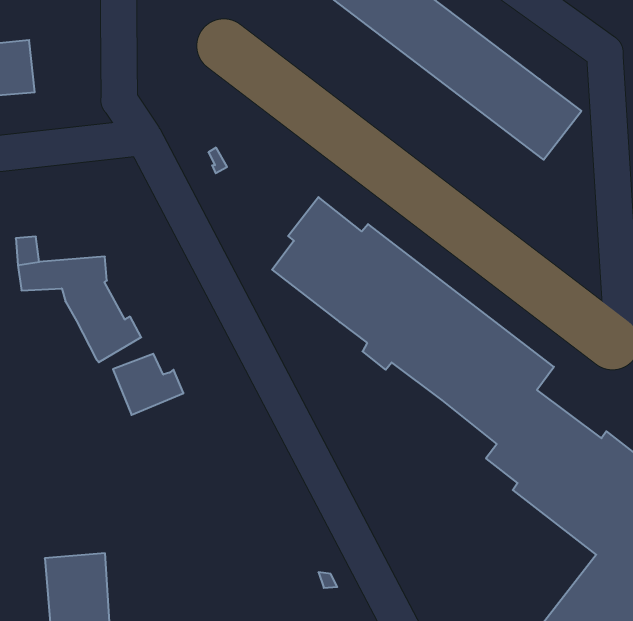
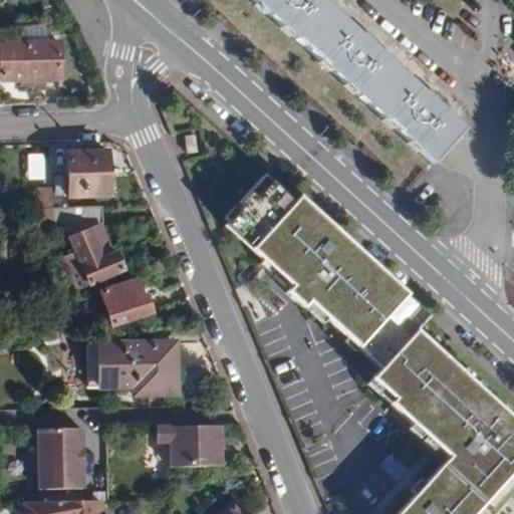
building: none -> [70,151,111,196]
building: none -> [89,340,180,395]
building: none -> [160,424,223,465]

